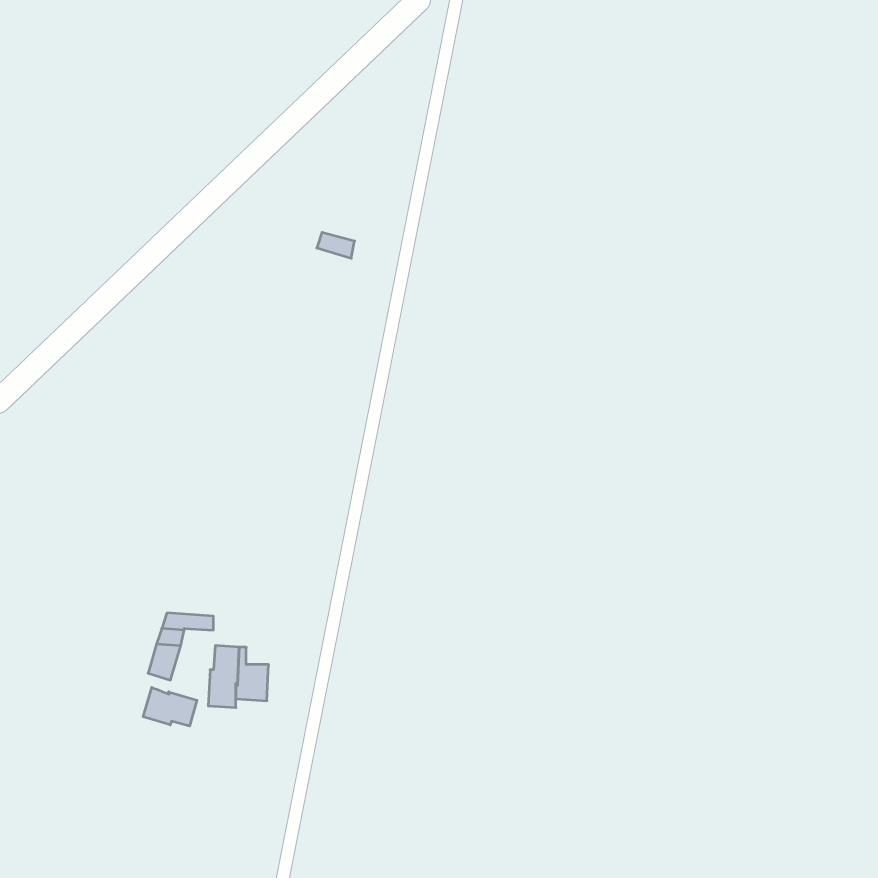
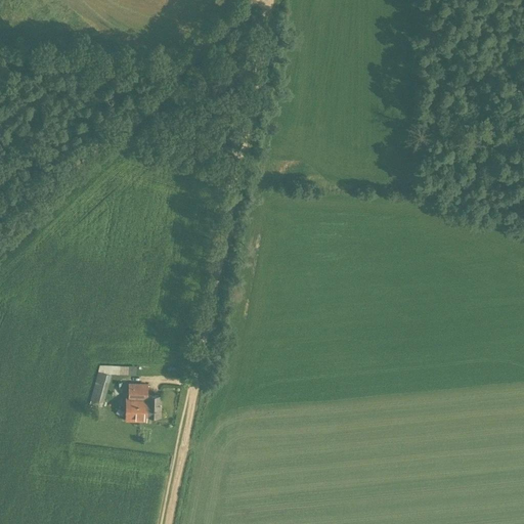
building: [143,687,197,726] -> none

